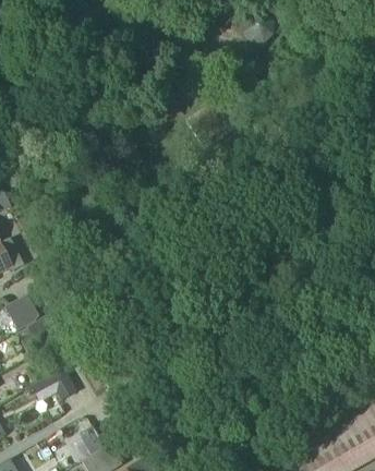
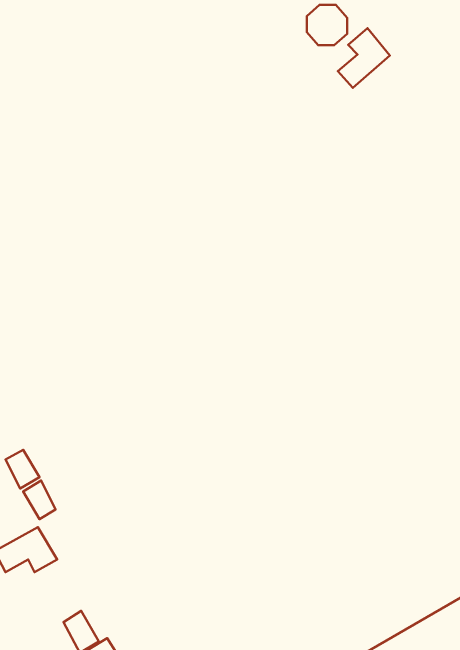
building: none -> [338,28,390,88]

